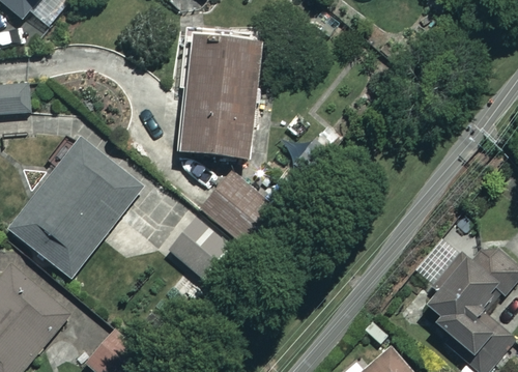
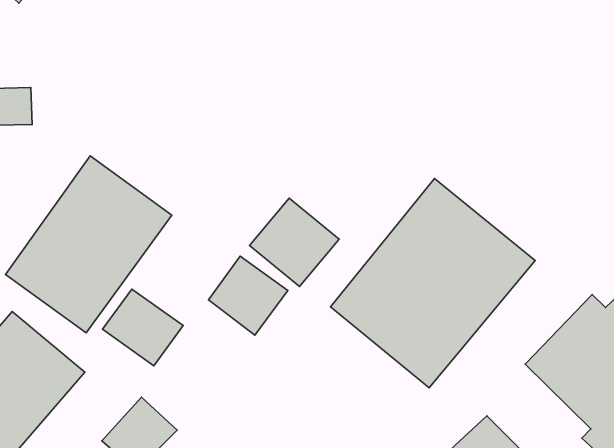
building: [181,37,257,156] -> none
building: none -> [331,178,535,388]
building: none -> [103,289,183,366]

